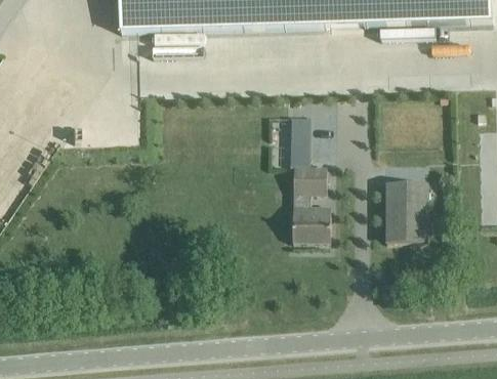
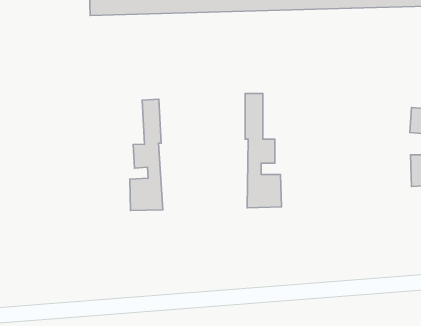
building: none -> [130,99,163,211]
building: [386,184,428,243] -> none

